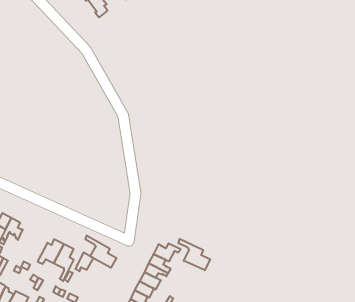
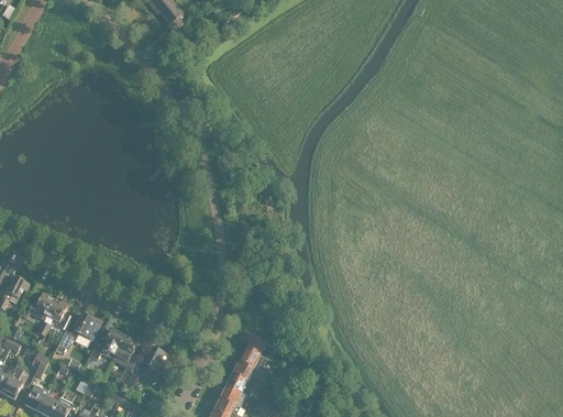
building: none -> [55,312,100,353]
building: [85,235,116,268] -> none
building: [178,239,210,270] -> none

